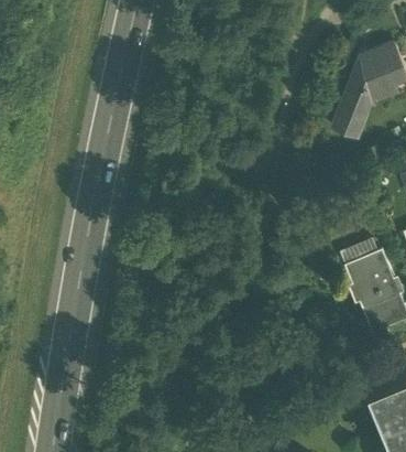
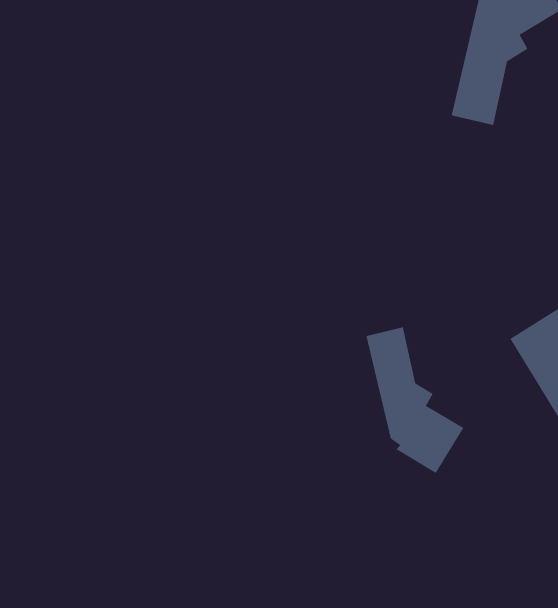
building: none -> [366,327,464,474]

